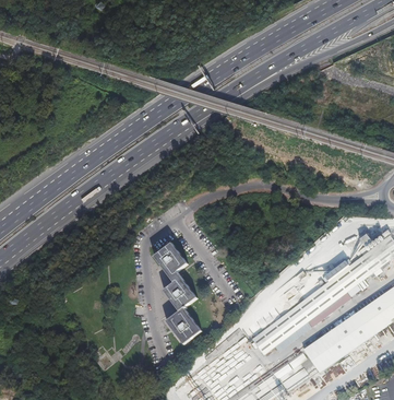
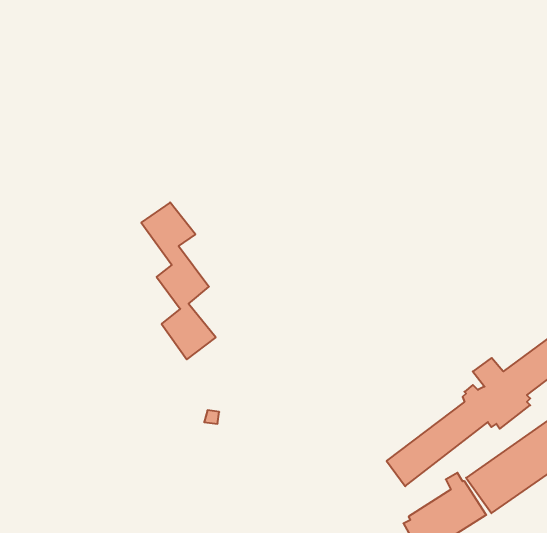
building: [154,243,202,344] -> [141,202,216,359]

